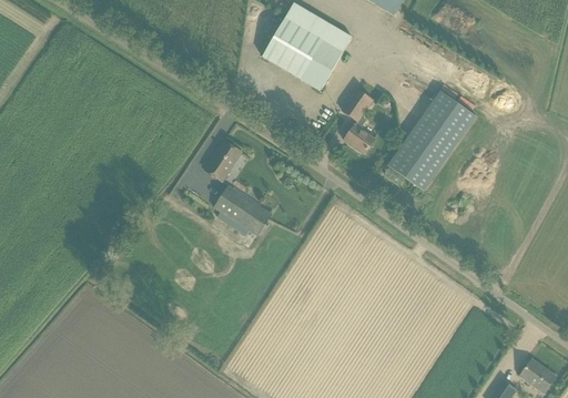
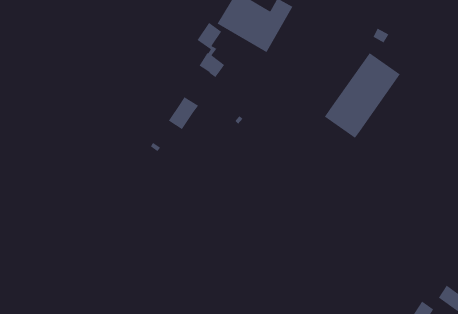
building: [342,89,375,154] -> [196,22,225,78]
building: [214,185,271,235] -> none

